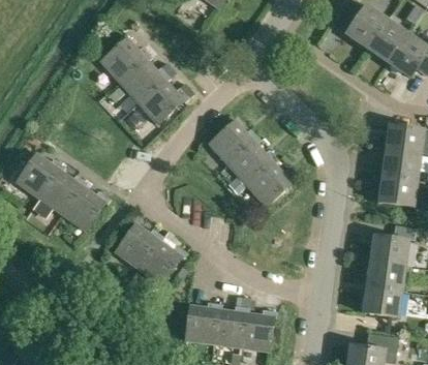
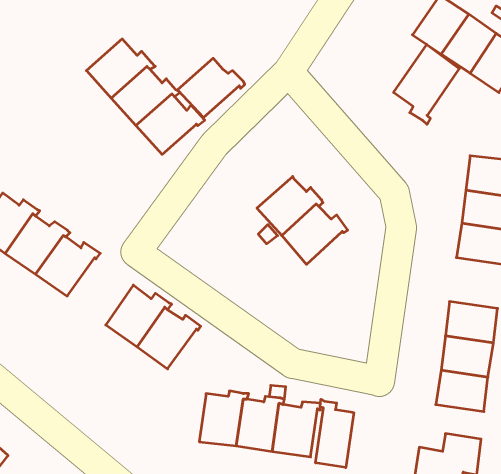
building: none -> [394,44,459,124]
building: [209,120,259,164] -> [177,58,245,117]
building: none -> [316,399,354,468]

